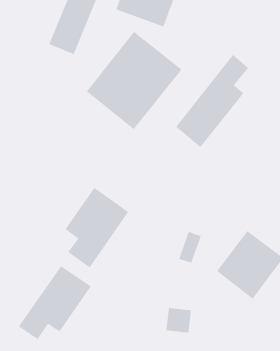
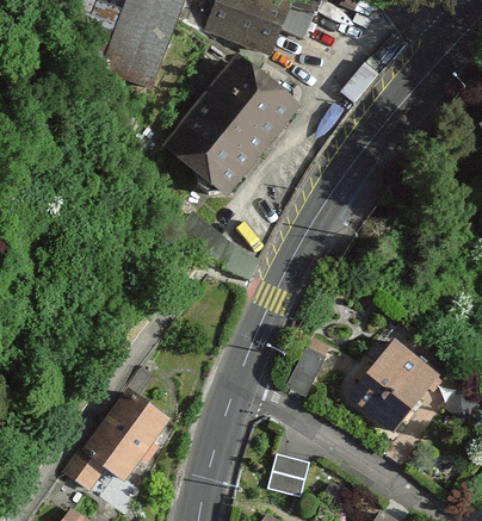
building: [175,54,249,148] -> none
building: [64,187,129,268] -> none

